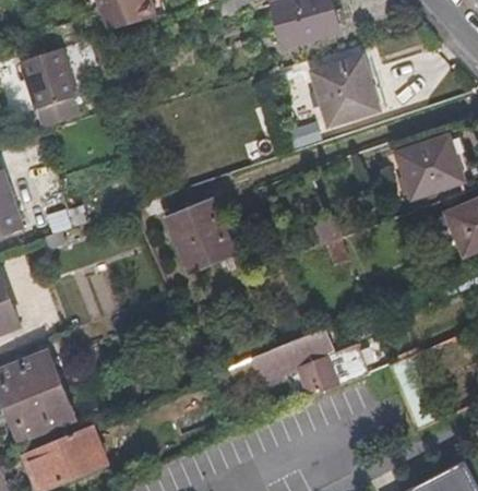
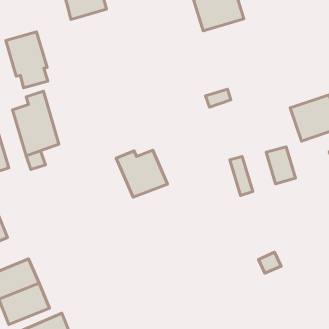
building: [314,57,380,123] -> none
building: none -> [13,91,59,156]
building: none -> [266,147,296,184]
building: [230,327,342,399] -> none

